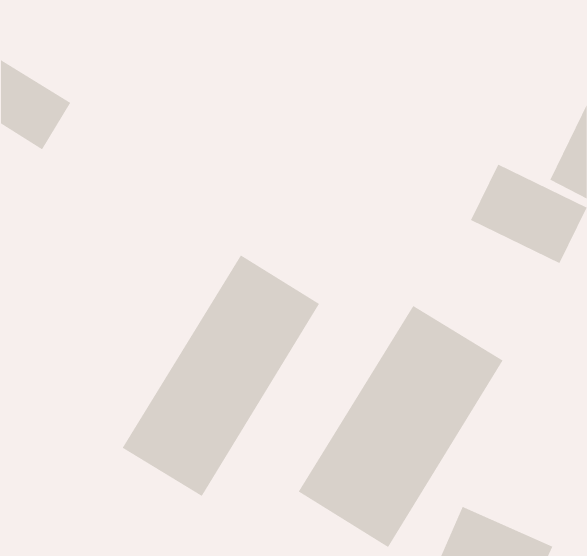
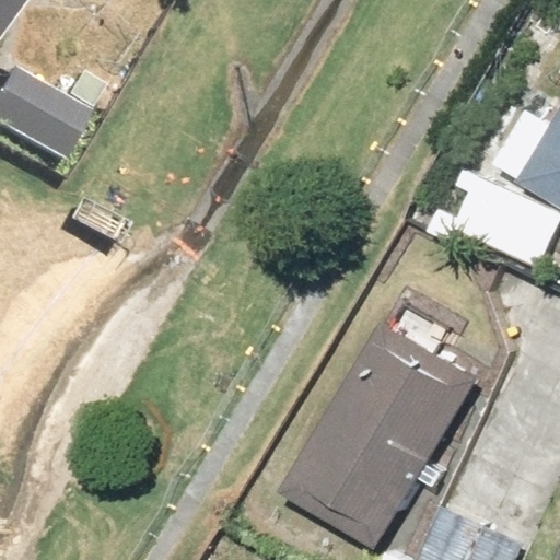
building: [122,254,320,497] -> none

